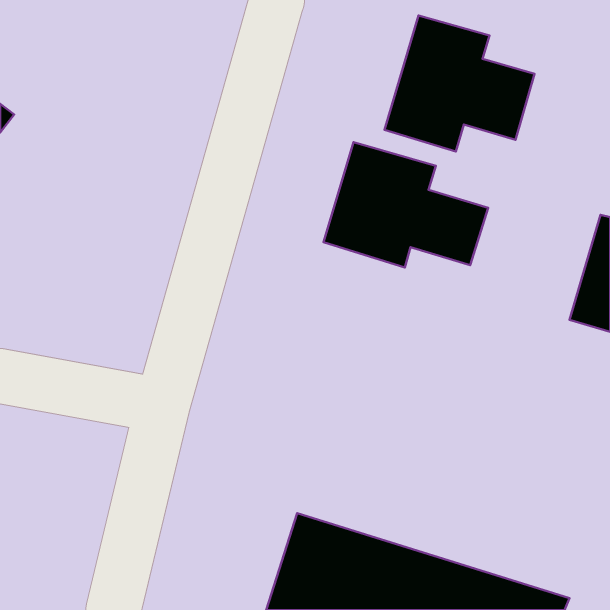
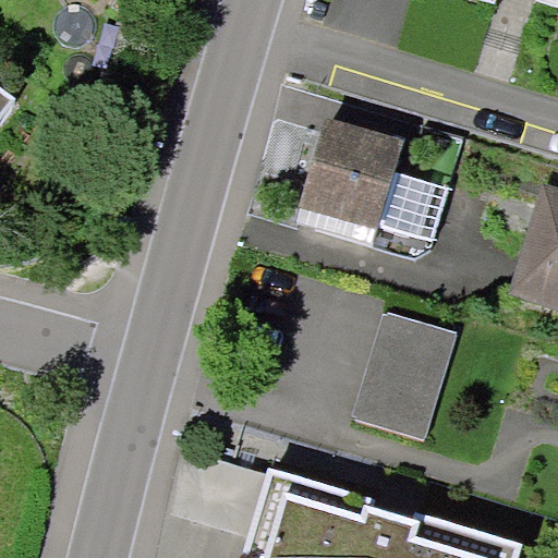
building: [385,16,534,152] -> none
building: none -> [353,313,456,441]

